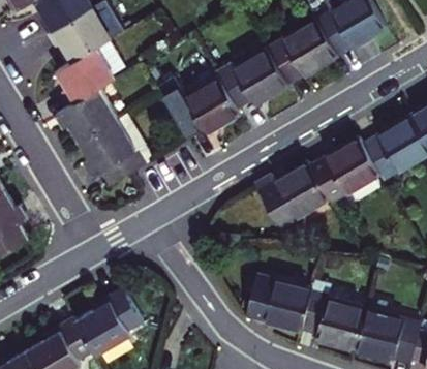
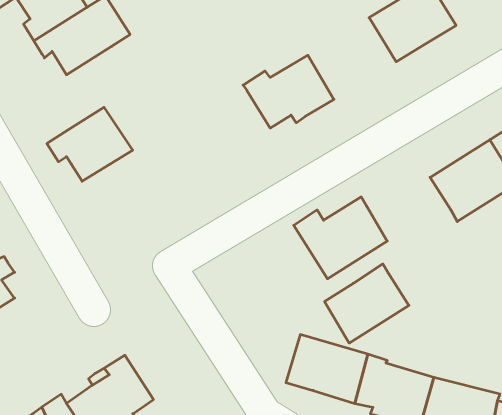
building: [264,22,334,87] -> none
building: [56,44,125,111] -> none
building: [153,78,236,139] -> none
building: [84,127,152,193] -> none
building: [310,142,377,205] -> [325,264,409,343]

